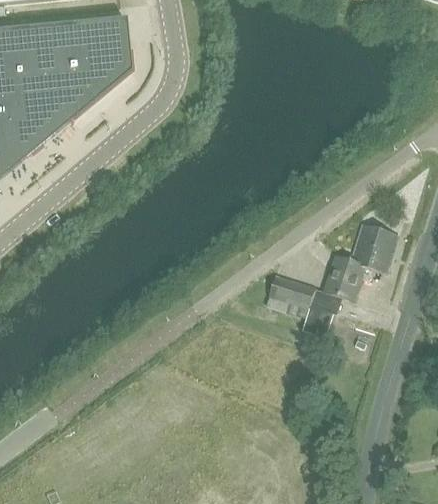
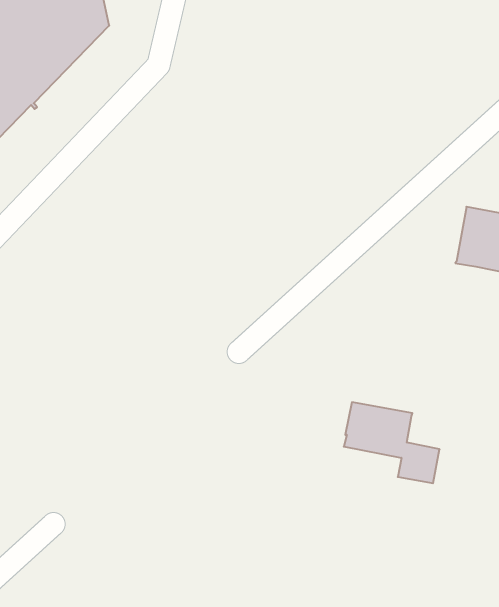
building: [325,253,365,297] -> none
building: [267,272,333,334] -> [344,402,440,483]

